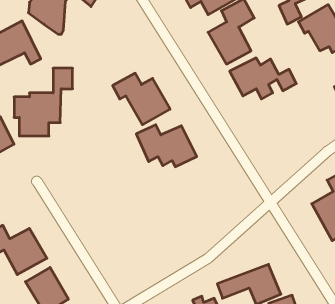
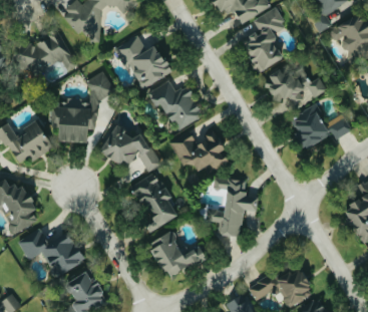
building: none -> [114,36,170,89]
building: none -> [289,105,352,149]
building: none -> [99,129,159,173]
building: none -> [129,175,176,231]
building: none -> [212,178,258,237]
building: none -> [146,232,205,277]

